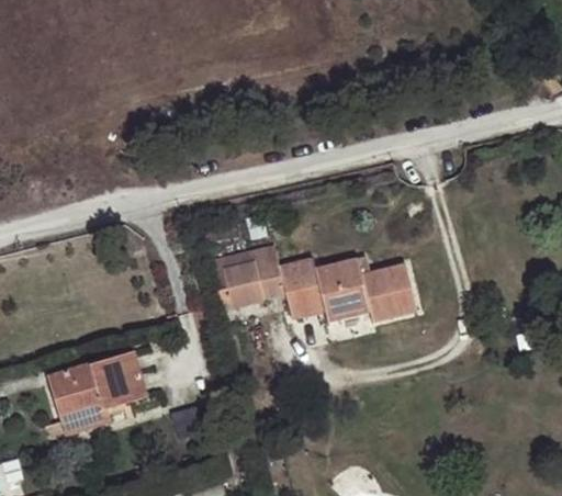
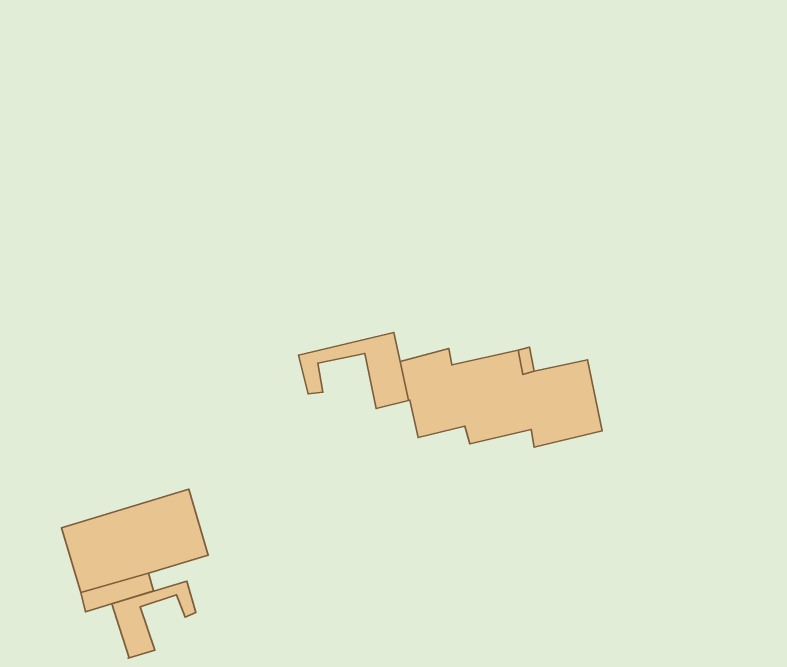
building: [213,259,261,305] -> none
building: none -> [112,581,196,658]

